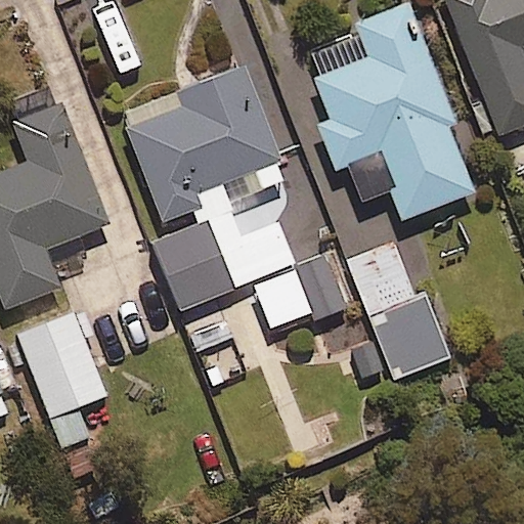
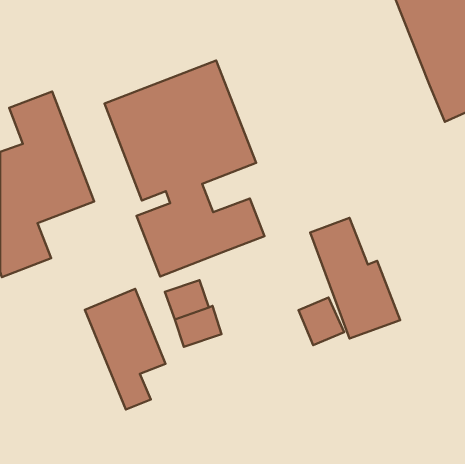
building: [302,5,474,219] -> none
building: [253,254,349,329] -> none
building: [16,312,106,447] -> [85,289,165,409]

